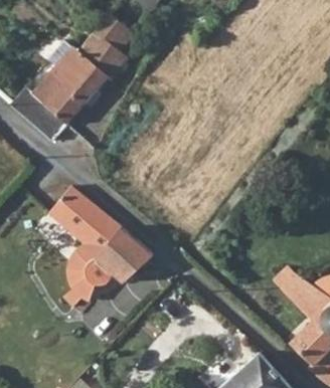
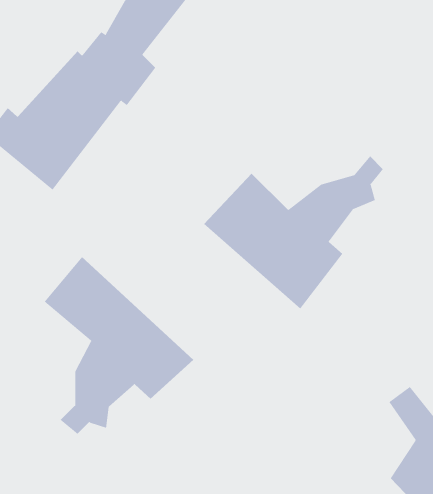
building: none -> [203,155,384,310]

